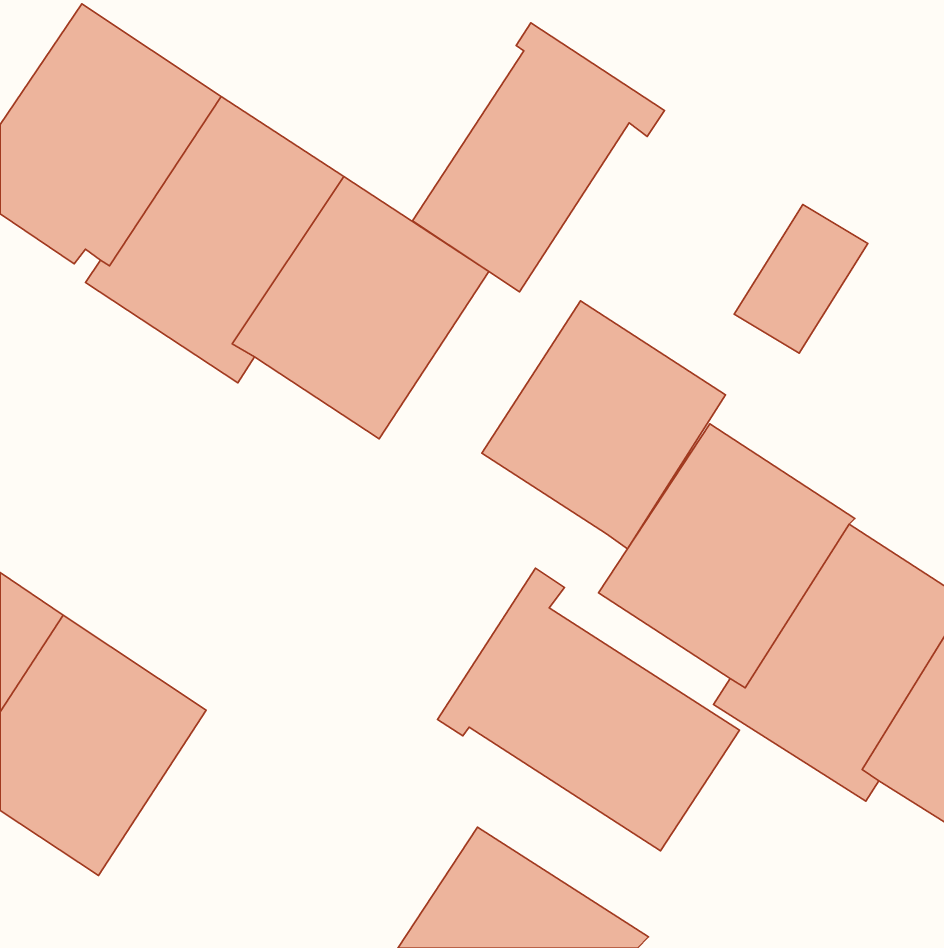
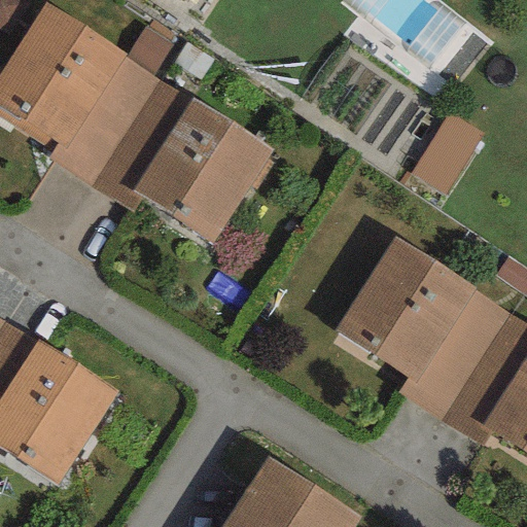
building: [413,23,665,292] -> none
building: [482,301,725,549] -> none
building: [437,568,740,851] -> none

